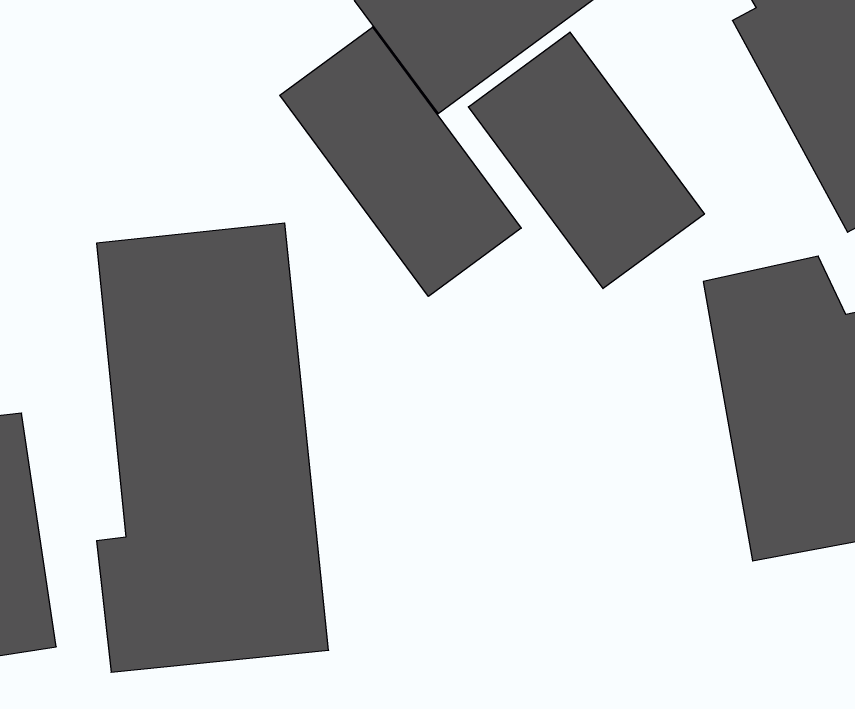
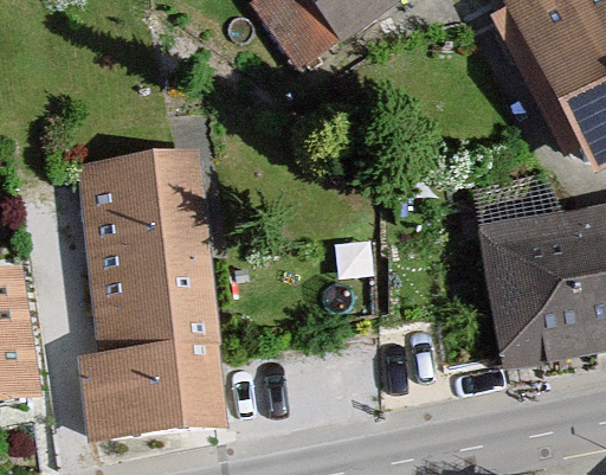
building: [280,27,521,296] -> none
building: [468,32,704,289] -> none

